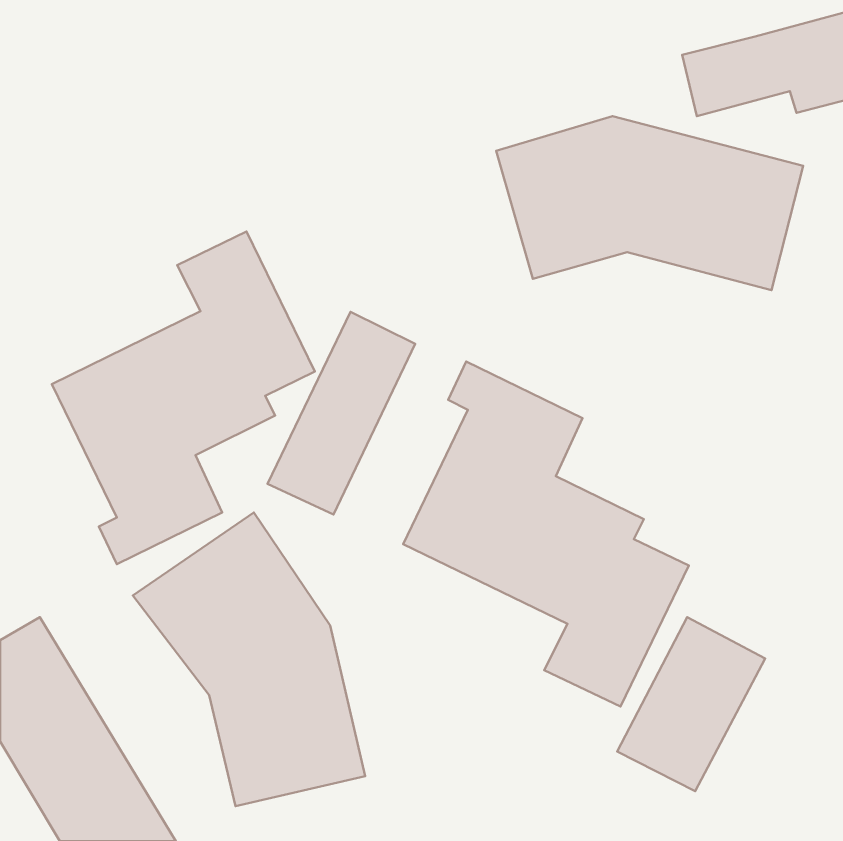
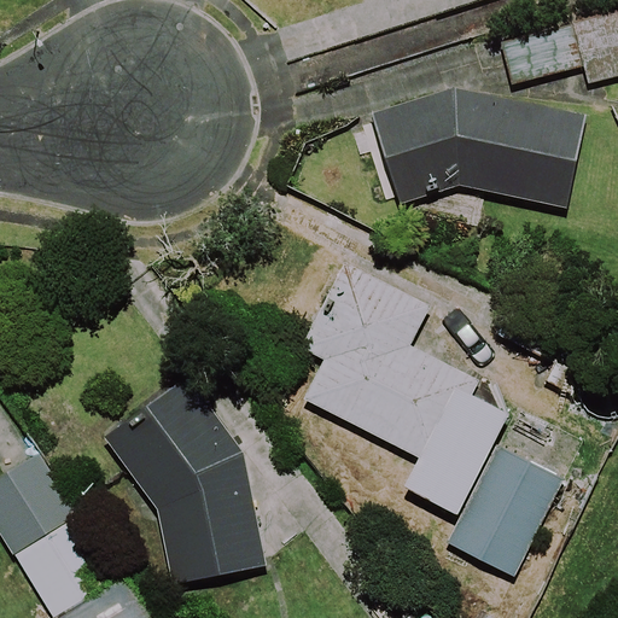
building: [52,232,315,564] -> none
building: [267,312,415,515] -> none

